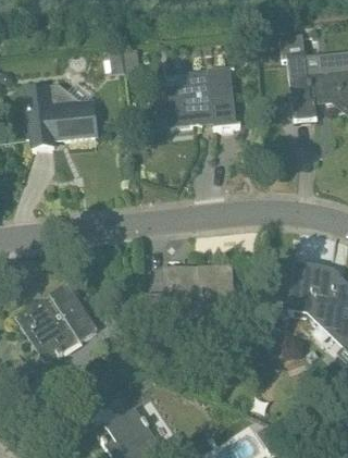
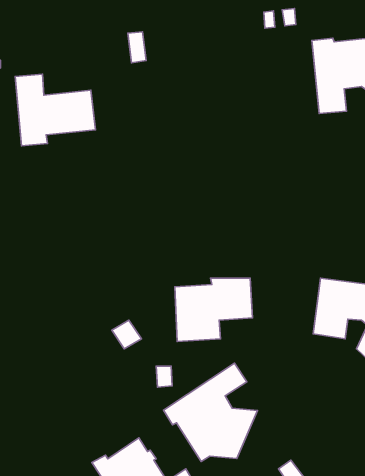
building: [166,66,237,124] -> none
building: [25,283,98,358] -> none
building: none -> [163,363,257,461]

